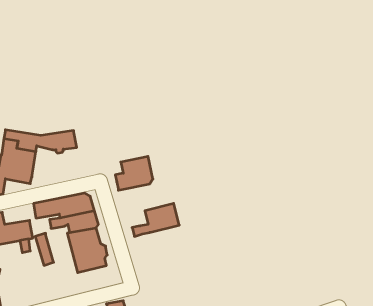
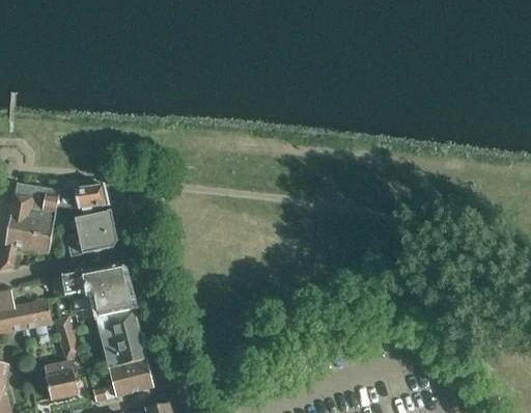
building: [115,156,153,190] -> [66,212,115,255]
building: [132,203,179,236] -> [92,358,153,401]
building: none -> [44,361,78,400]

